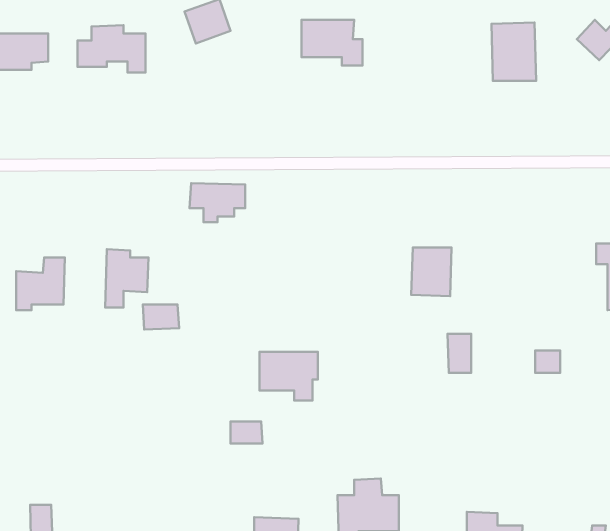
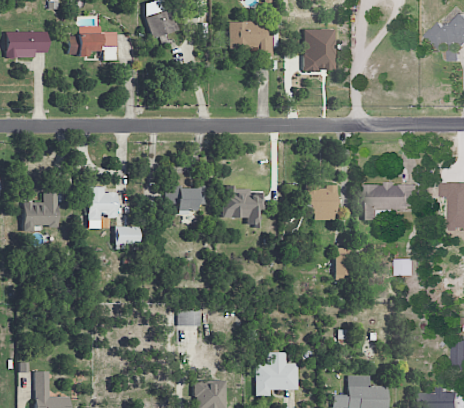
building: [492,23,536,81] -> [303,28,335,70]
building: [190,183,245,222] -> [166,186,206,214]
building: none -> [364,183,417,220]
building: [260,352,318,400] -> [222,189,264,224]

